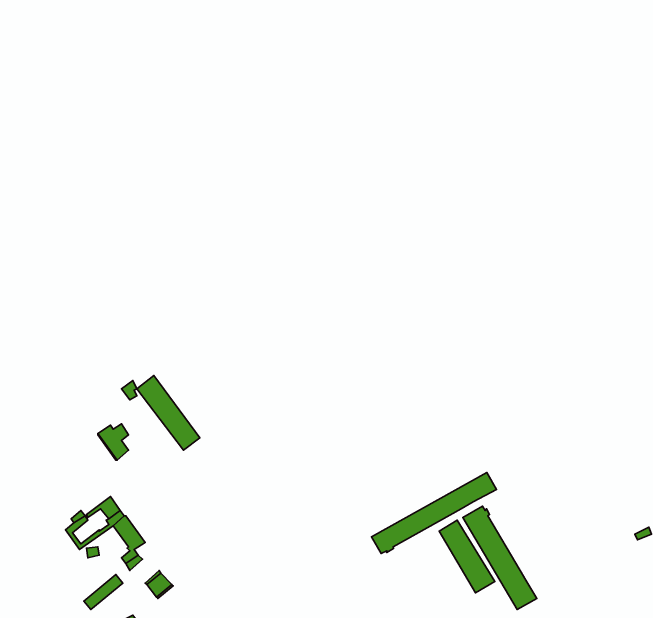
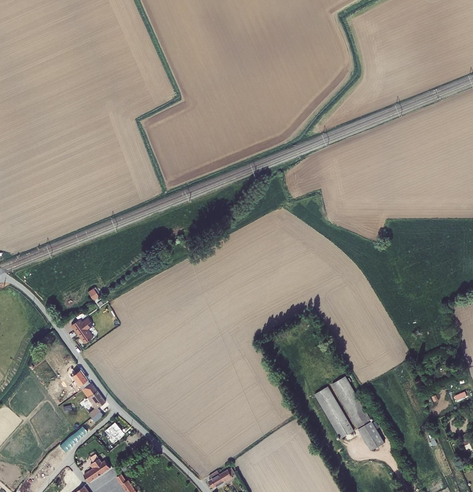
building: [137,375,200,450] -> none
building: [372,473,496,554] -> none

